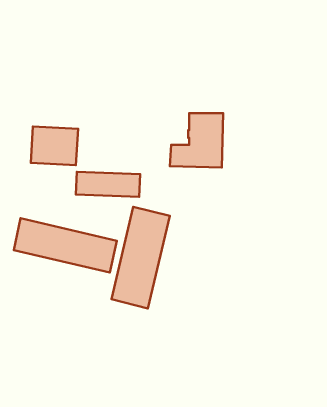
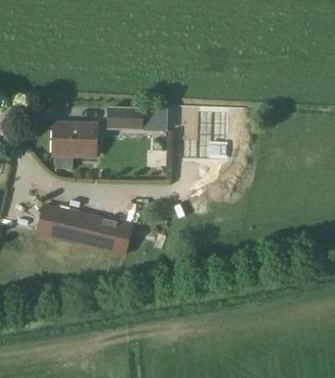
building: [76,172,140,197] -> [109,107,167,129]
building: [111,207,170,309] -> none

